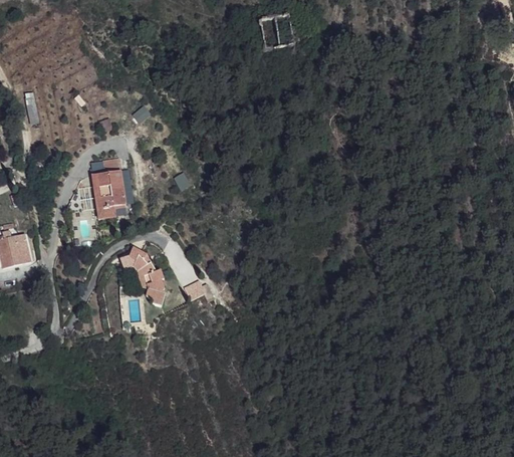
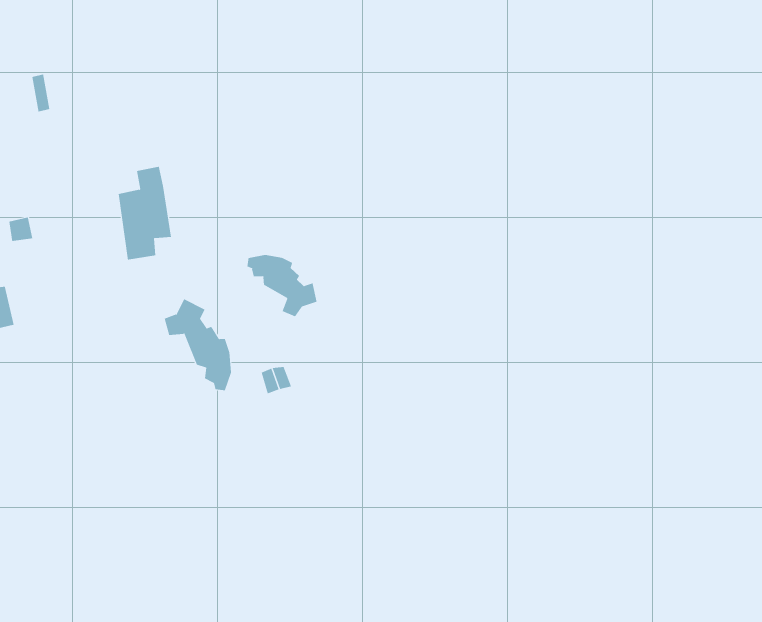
building: none -> [247,254,317,317]

